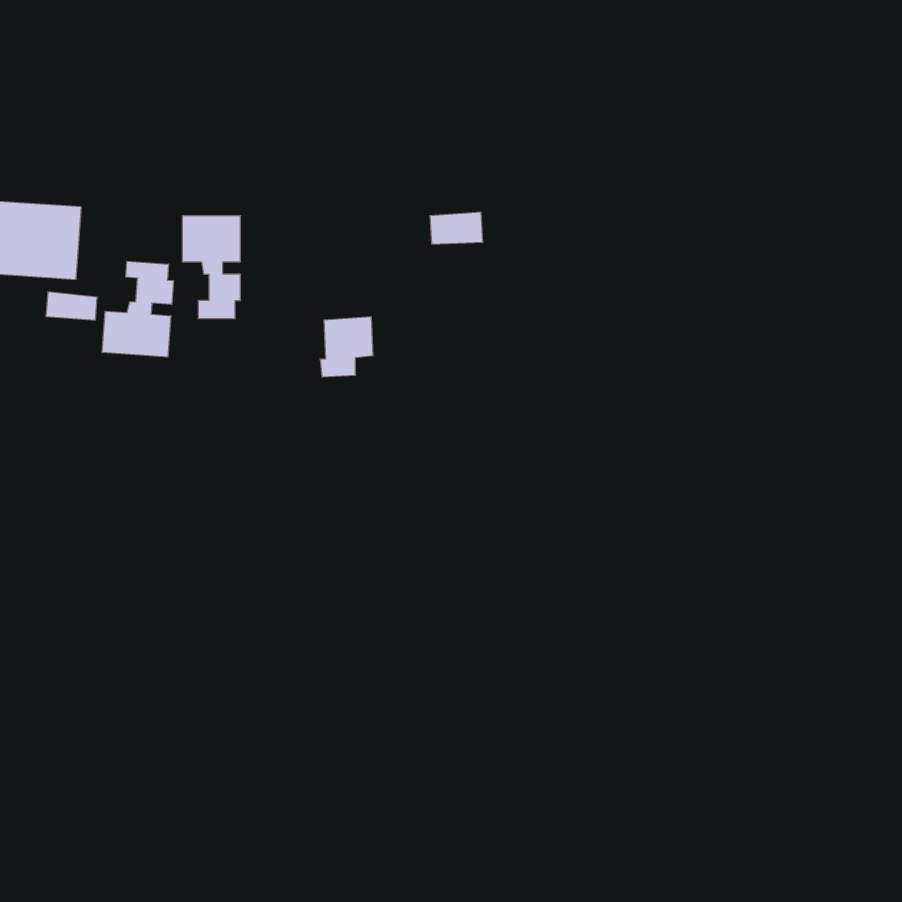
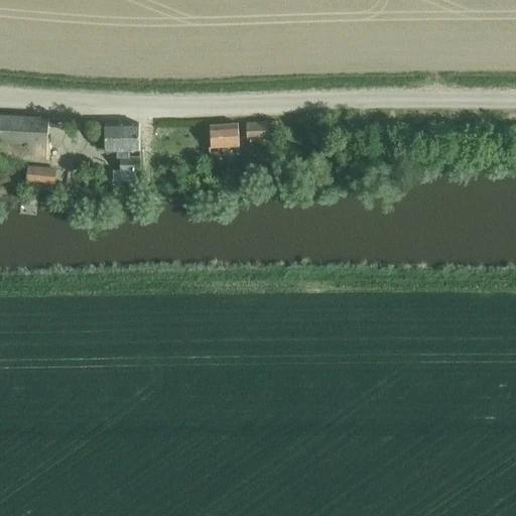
building: [102,261,173,357] -> none
building: [320,317,373,377] -> [208,123,238,157]

